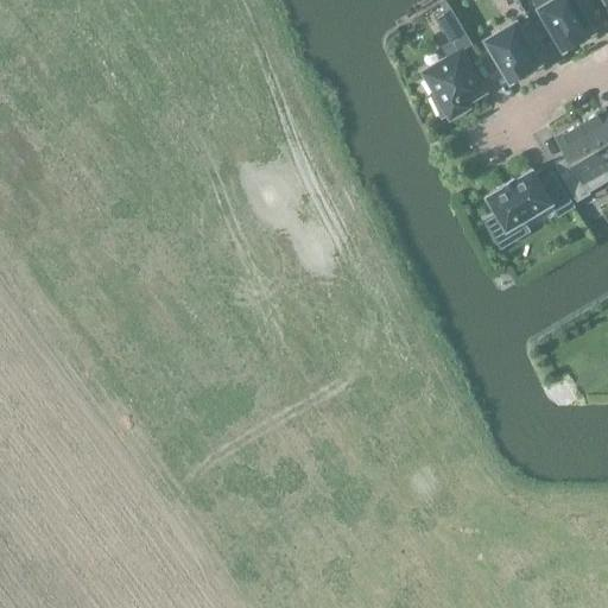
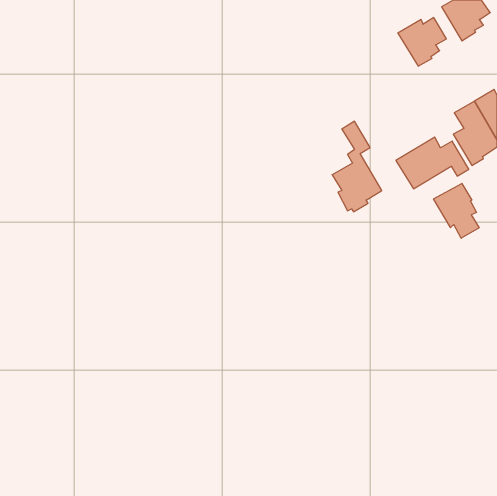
building: [423,8,483,119] -> [332,121,382,212]
building: none -> [434,183,479,238]

